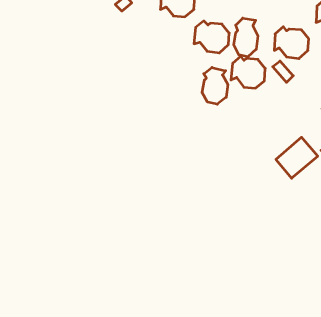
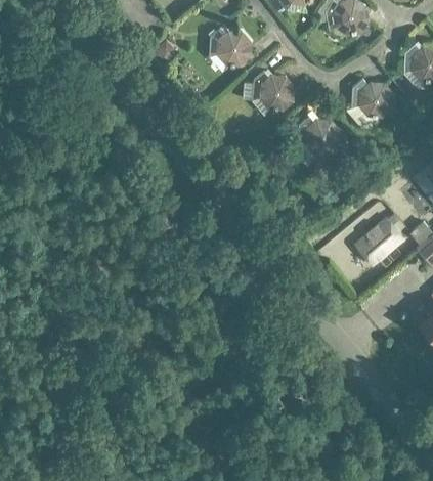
building: [234,18,258,57] -> none
building: [202,67,228,104] -> none

